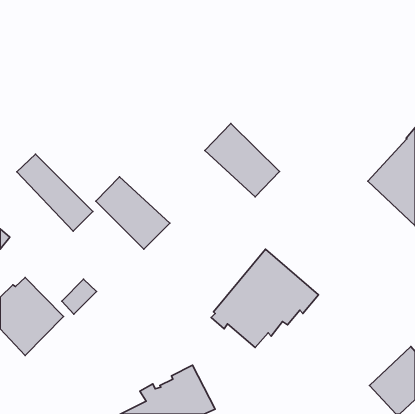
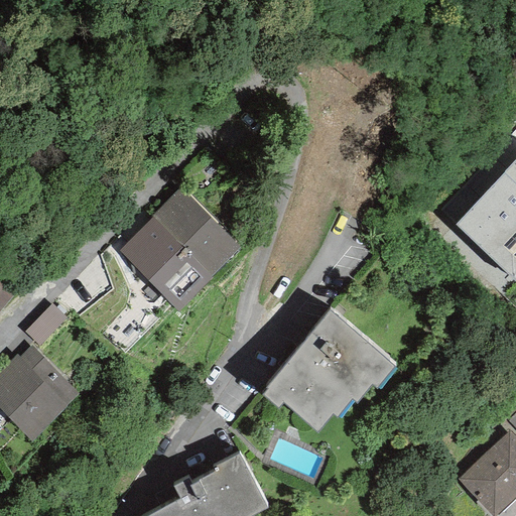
building: [205,124,280,197] -> [148,186,241,277]
building: [17,154,93,231] -> none
building: [62,279,97,314] -> [24,302,68,346]

